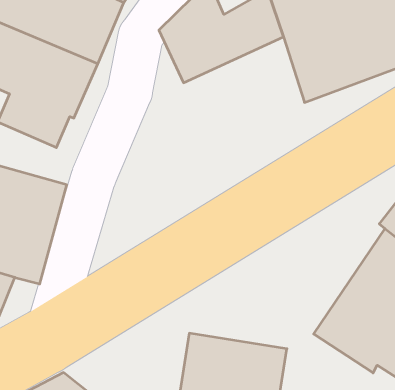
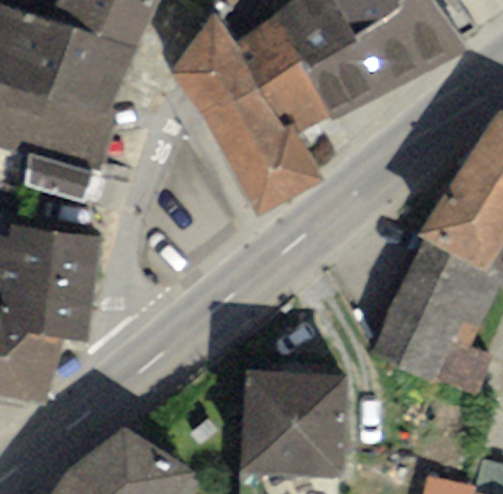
building: none -> [203,60,327,221]

